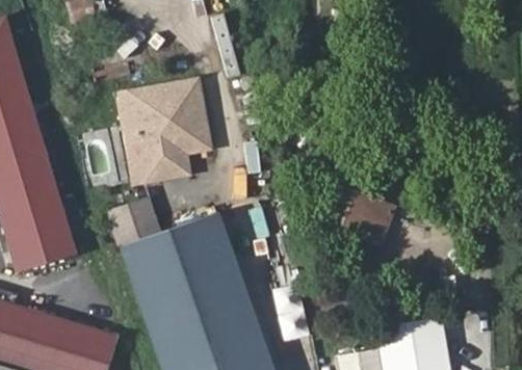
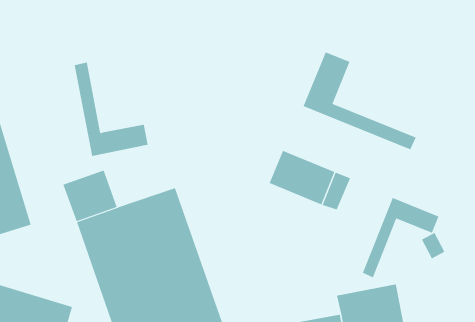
building: [130,77,215,161] -> none
building: none -> [303,52,416,150]
building: none -> [362,197,439,278]

